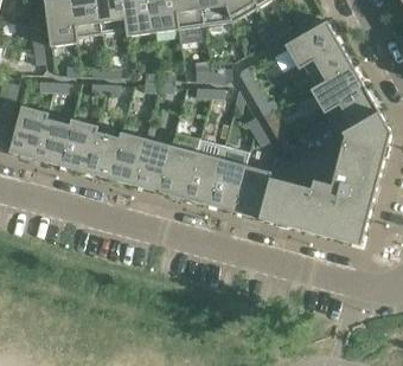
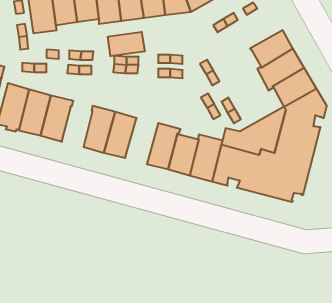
building: [283,19,339,68] -> none
building: none -> [108,32,145,56]
building: [83,130,119,178] -> none
building: [156,145,194,200] -> none

